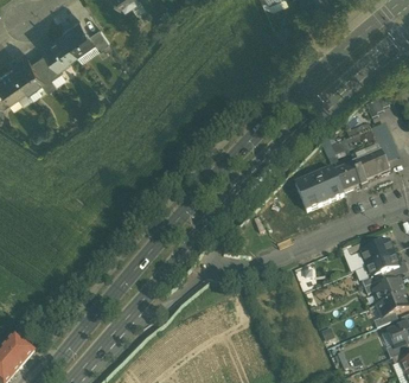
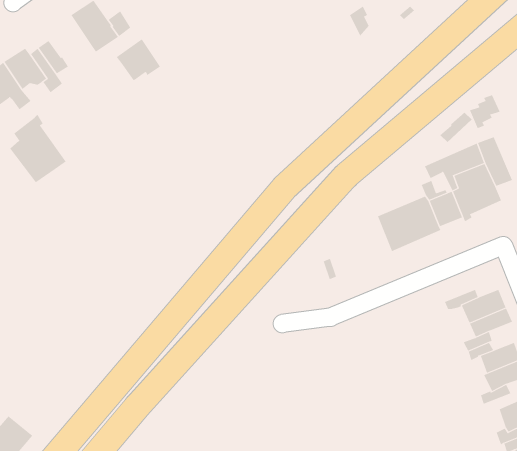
building: [41,31,76,63] -> [116,38,161,80]
building: none -> [9,114,67,183]

